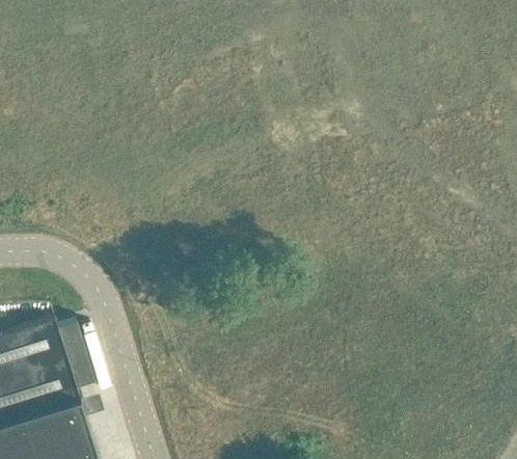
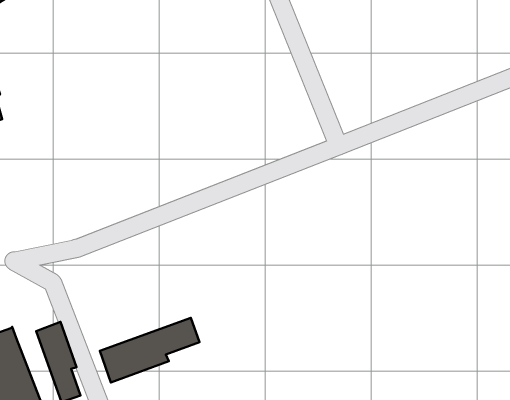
building: none -> [100,318,200,382]

